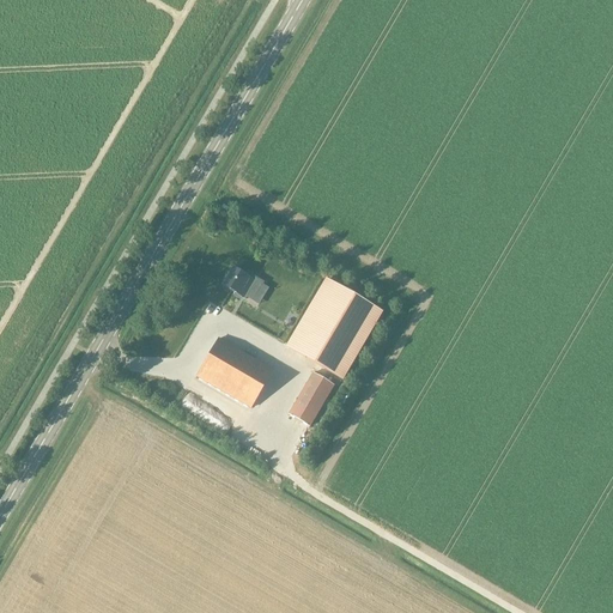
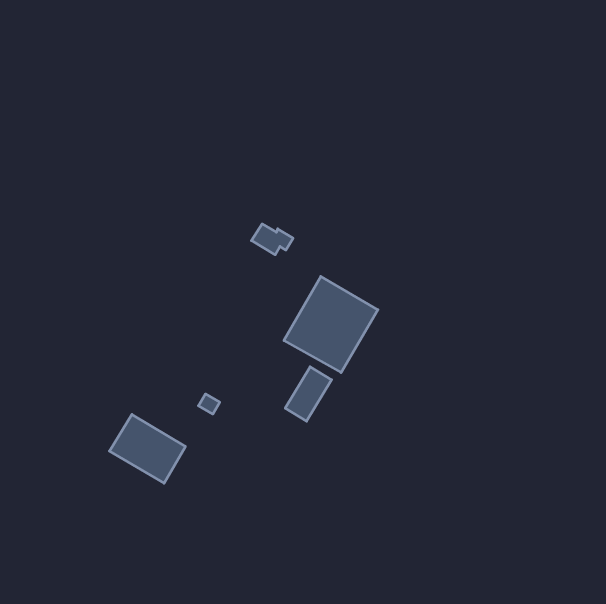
building: [223,266,265,297] -> [251,224,293,255]
building: [196,336,273,406] -> [109,414,185,483]

